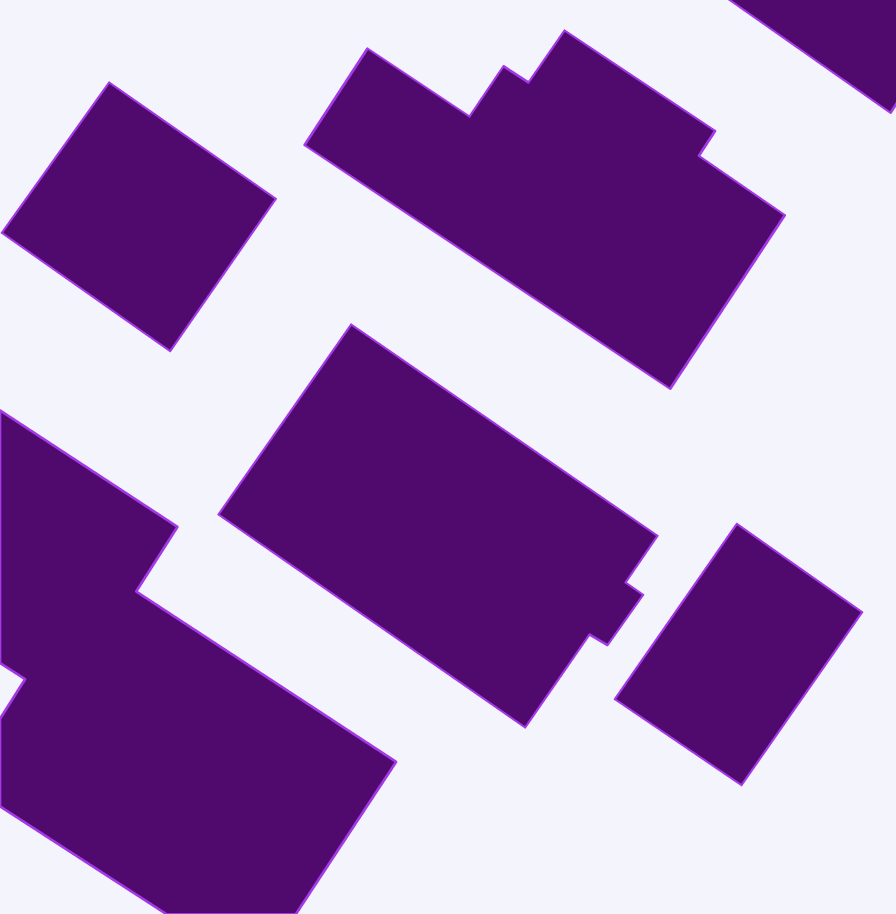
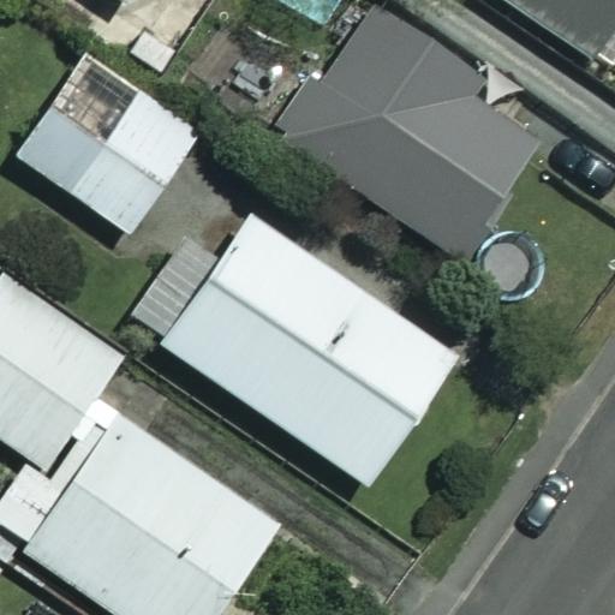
building: [615,524,862,785] -> none

